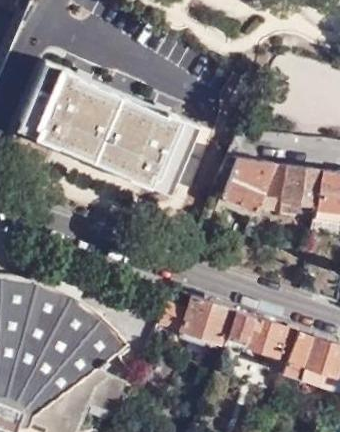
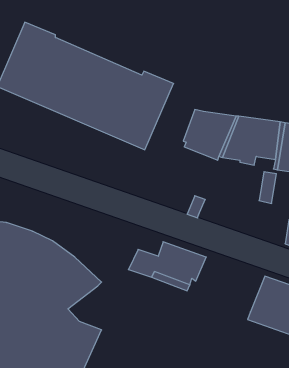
building: [229,312,302,369] -> none

